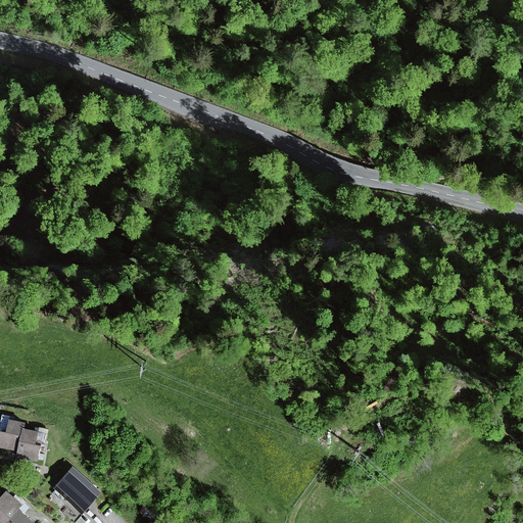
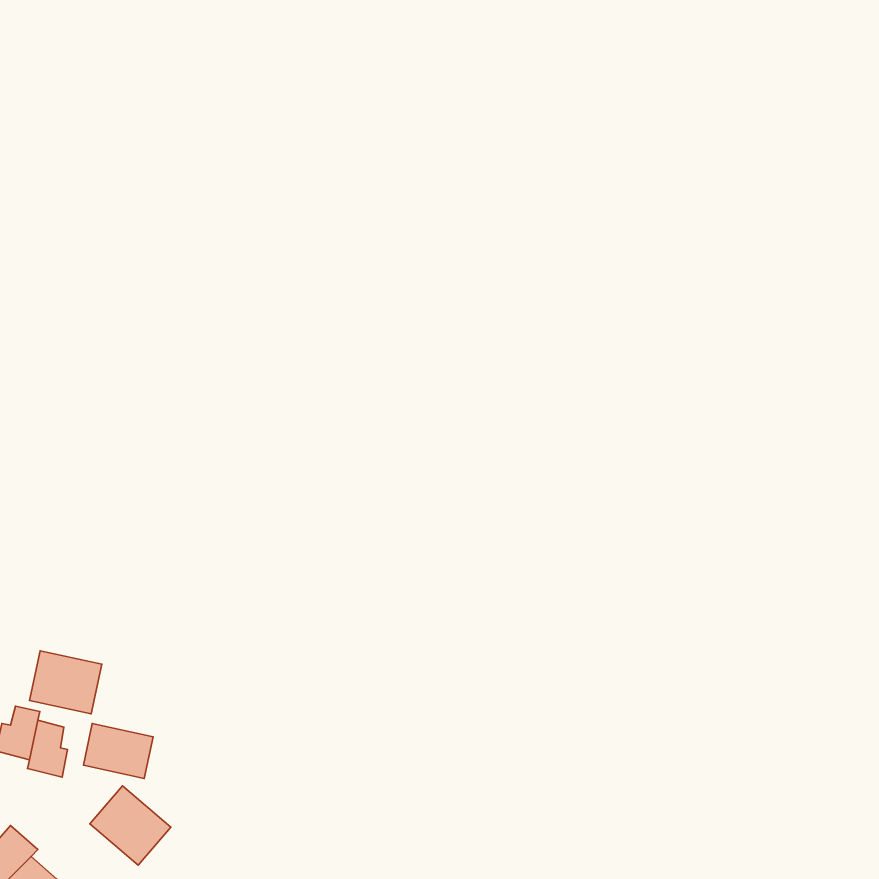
building: none -> [30,651,102,714]
building: none -> [83,723,153,778]

